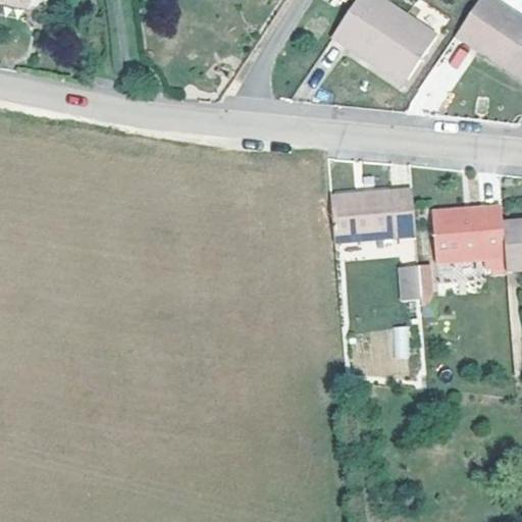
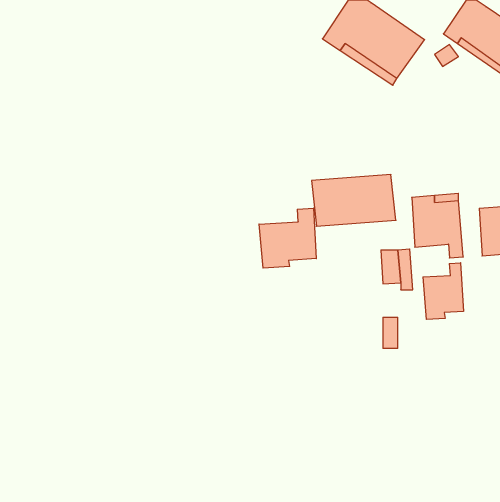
building: none -> [259,208,316,268]
building: none -> [423,263,463,319]

